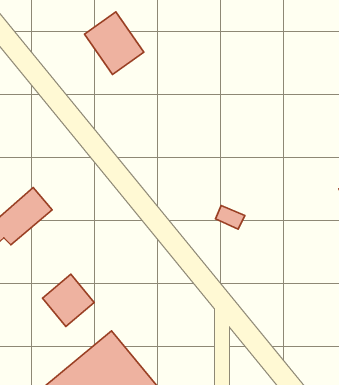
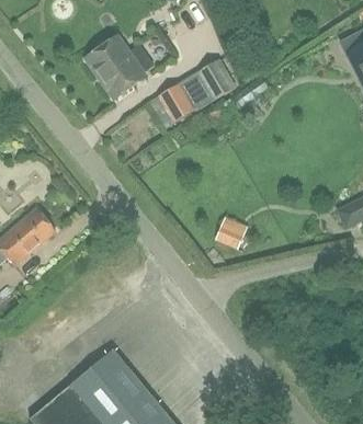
building: none -> [159,57,238,123]
building: [43,274,94,326] -> none

